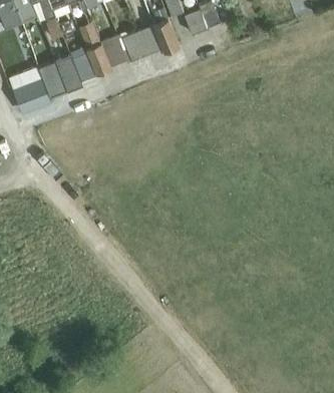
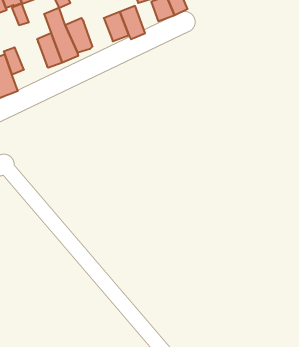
building: [116,32,145,63] -> none
building: [56,56,82,91] -> none

